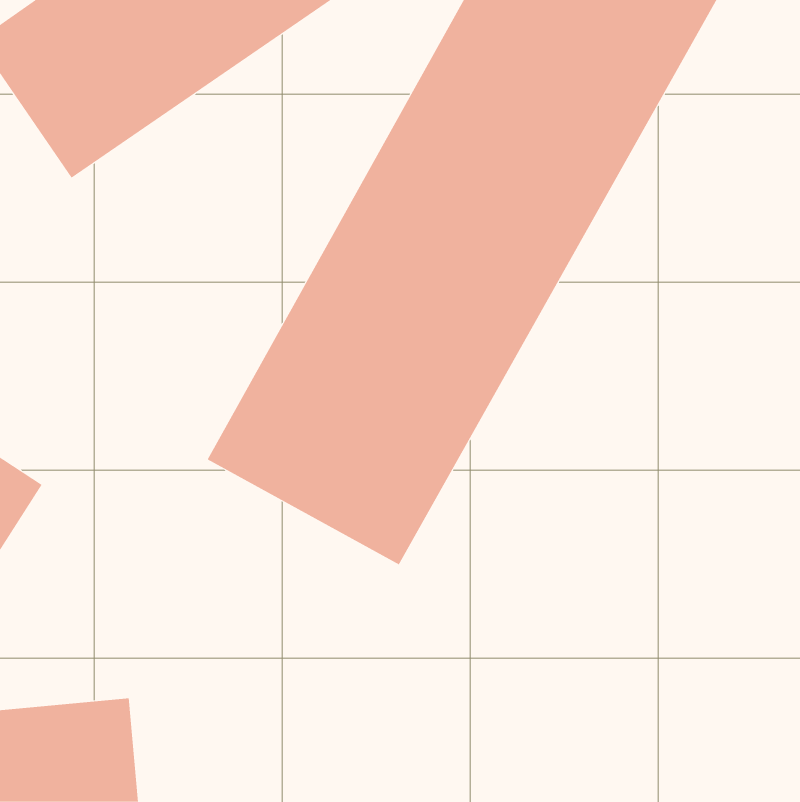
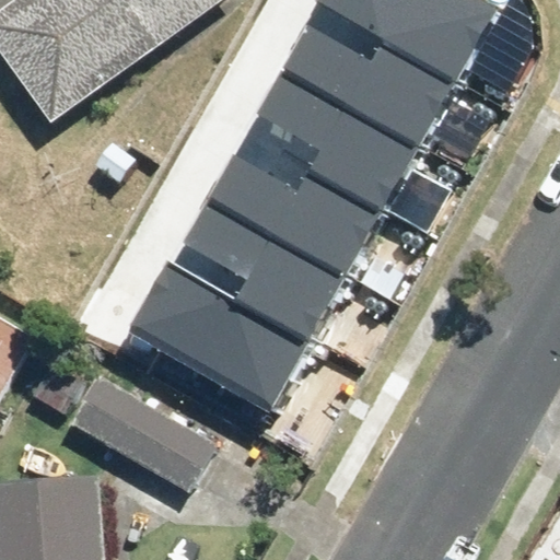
building: none -> [67,375,214,499]

